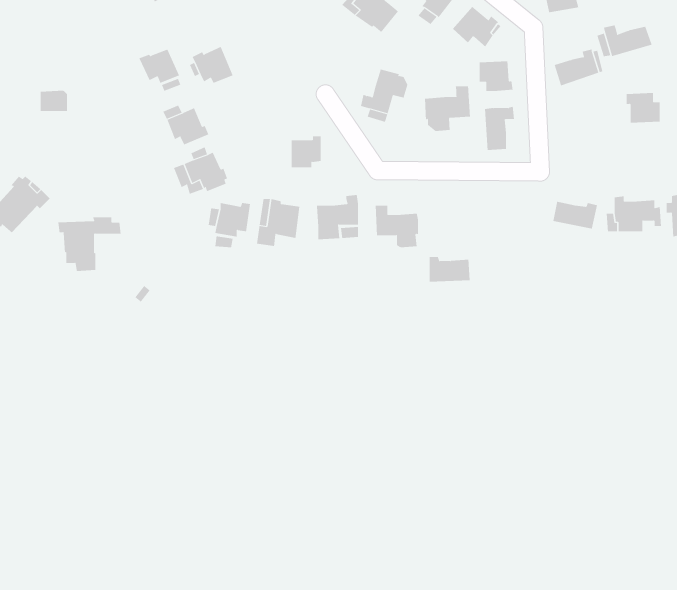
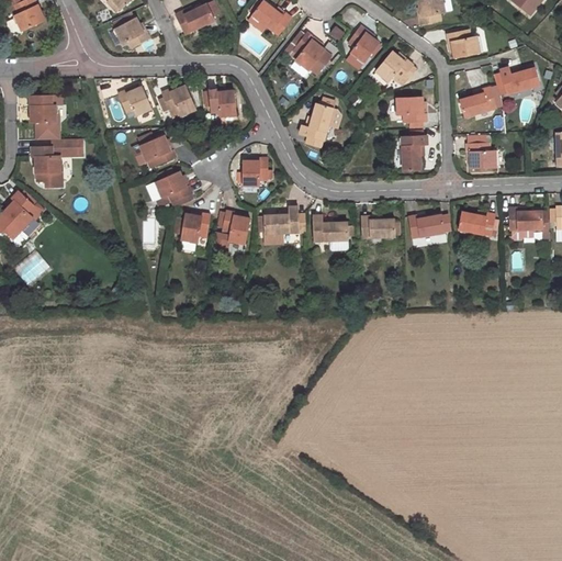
building: none -> [209,89,236,115]
building: none -> [30,96,61,122]
building: [425,86,471,132] -> none
building: [626,92,660,123] -> [467,143,495,168]
building: none -> [408,214,445,238]
building: [58,217,122,271] -> [31,143,83,188]
building: [429,257,470,282] -> [361,216,395,237]

